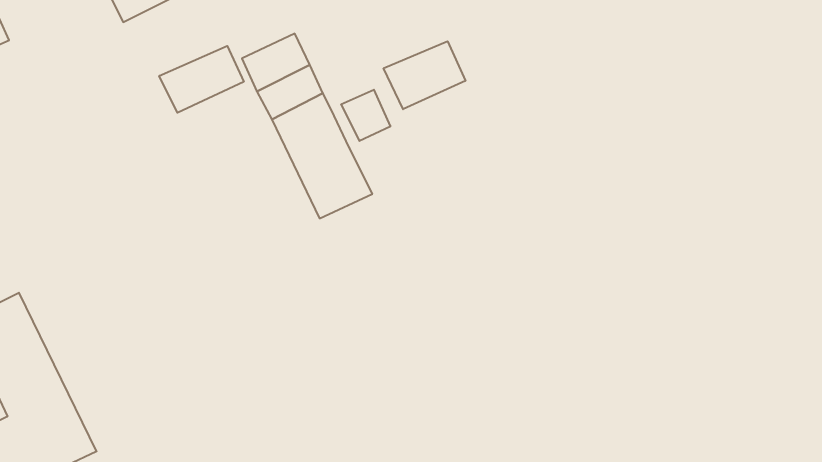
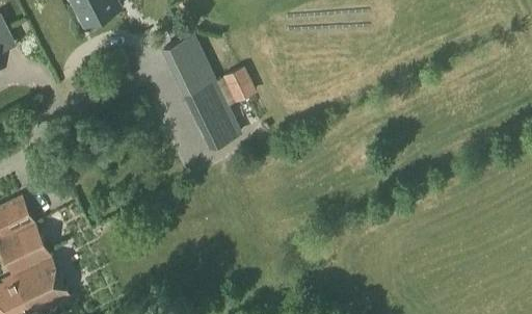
building: [384,41,465,109] -> none
building: [159,46,244,113] -> none

